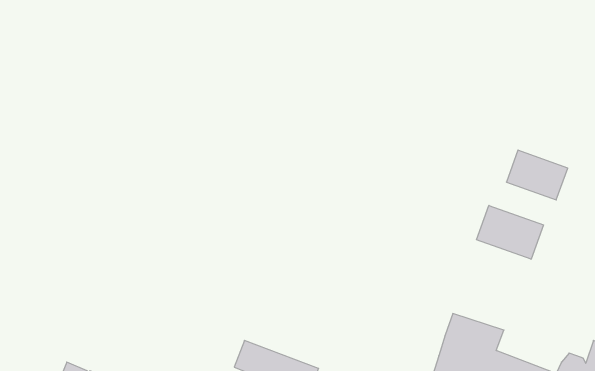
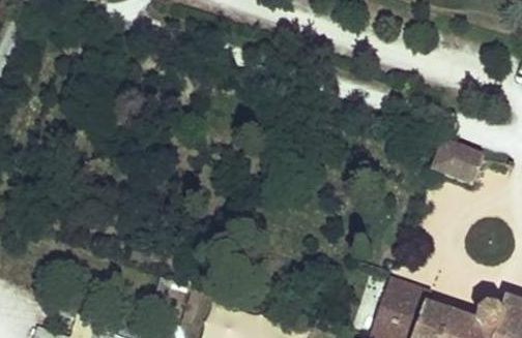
building: [477,205,543,259] -> none

